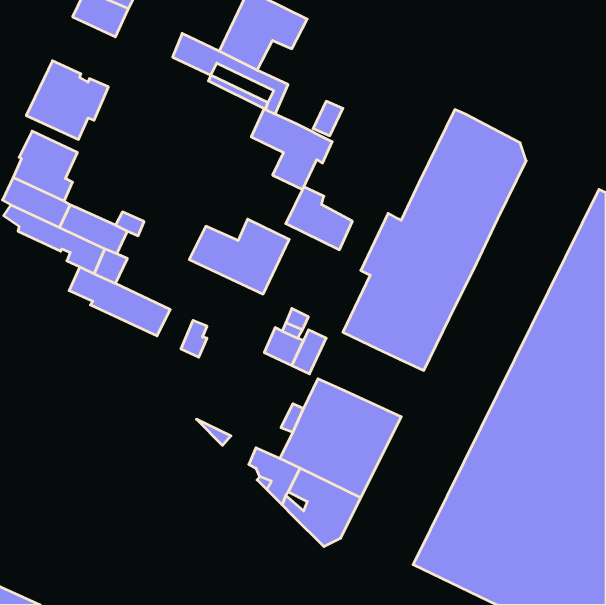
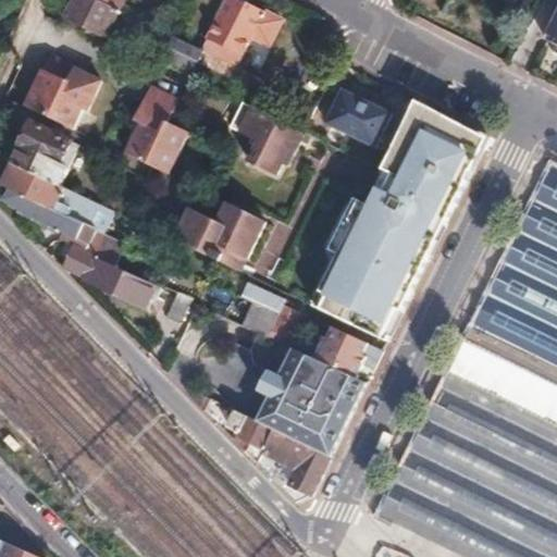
building: none -> [127,88,188,173]
building: [286,187,352,250] -> [323,90,384,148]
building: none -> [312,325,382,375]

